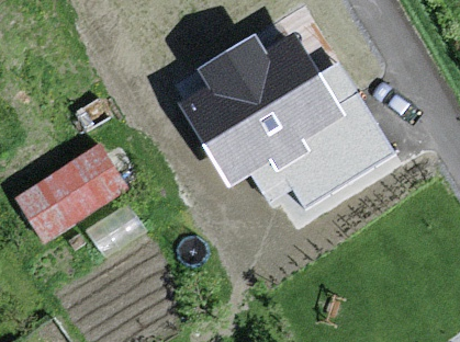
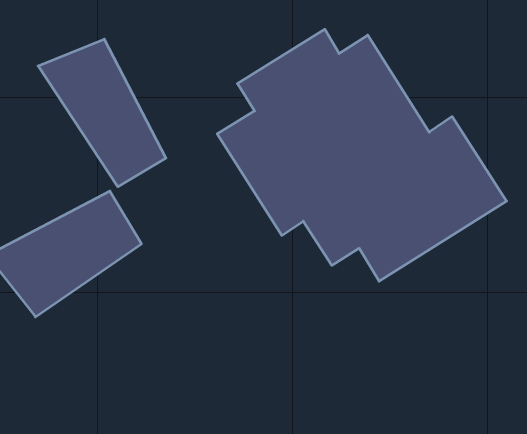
building: none -> [38,39,166,187]

